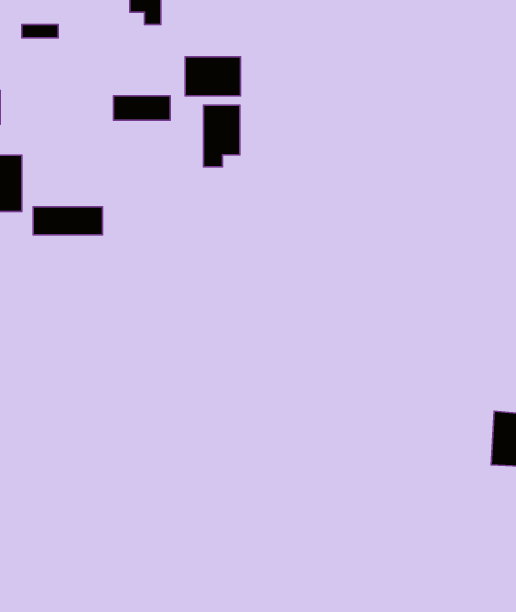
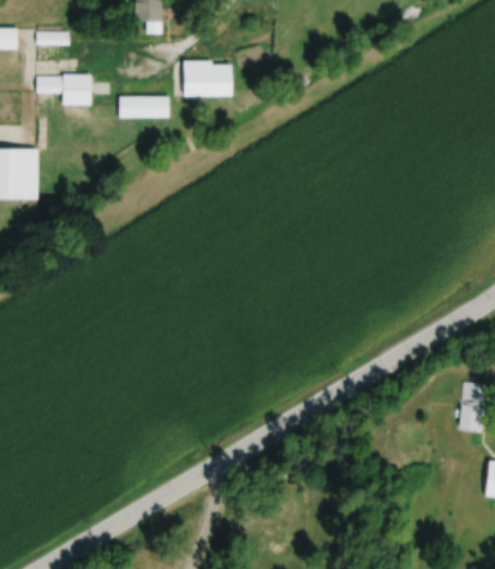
building: none -> [38,77,91,107]
building: [204,105,240,167] -> none
building: [33,207,103,235] -> none

